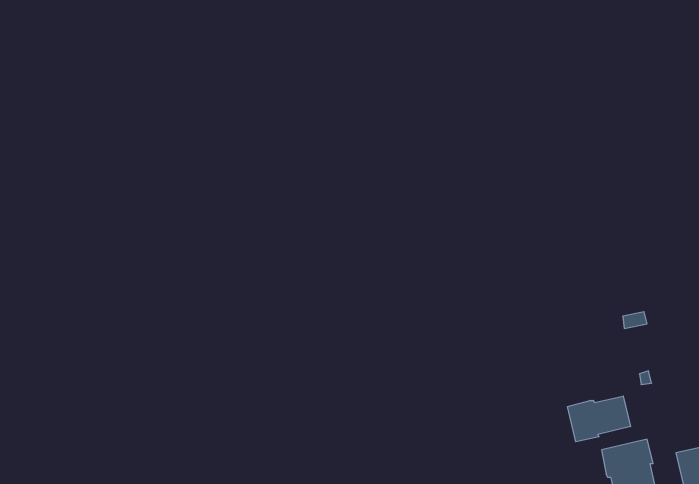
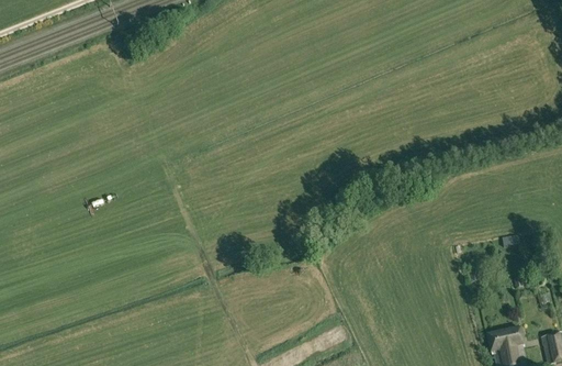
building: [568,396,630,442] -> none

